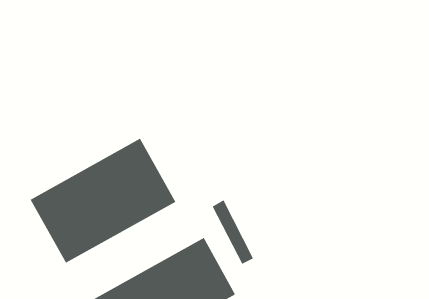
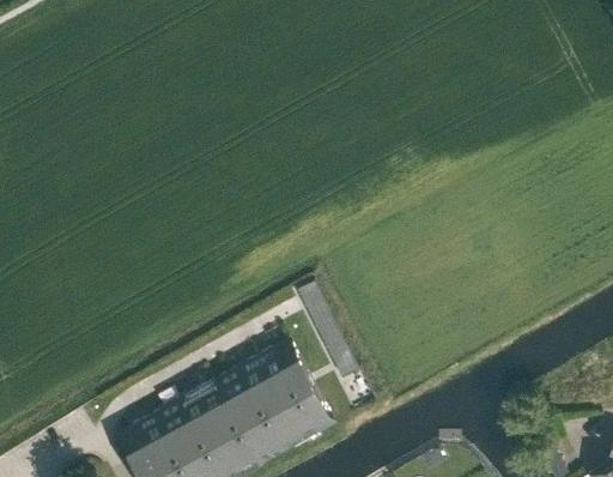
building: [30,138,176,264] -> none

